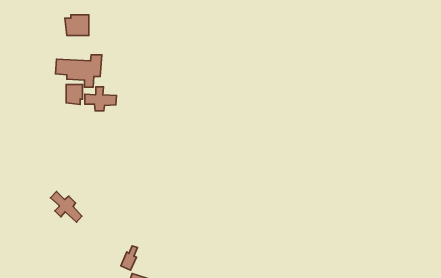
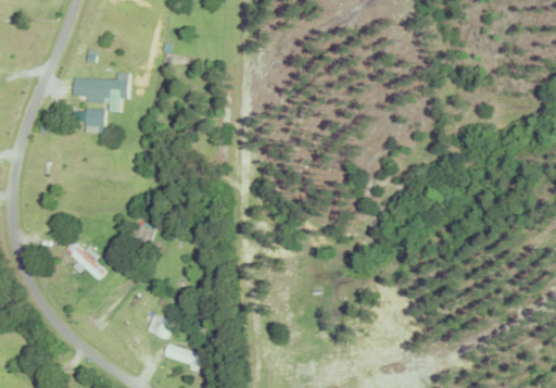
building: [65,15,89,36] -> none
building: [85,87,116,111] -> none

